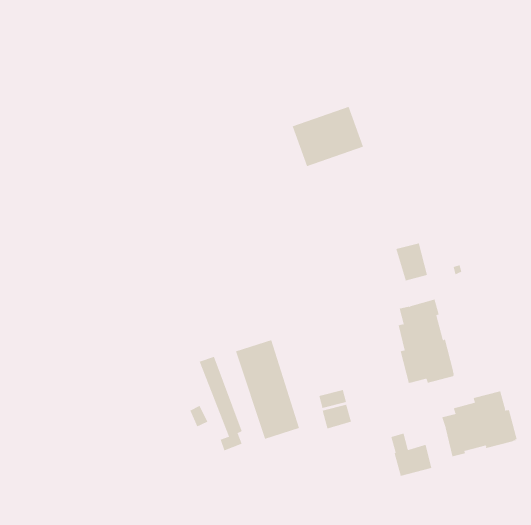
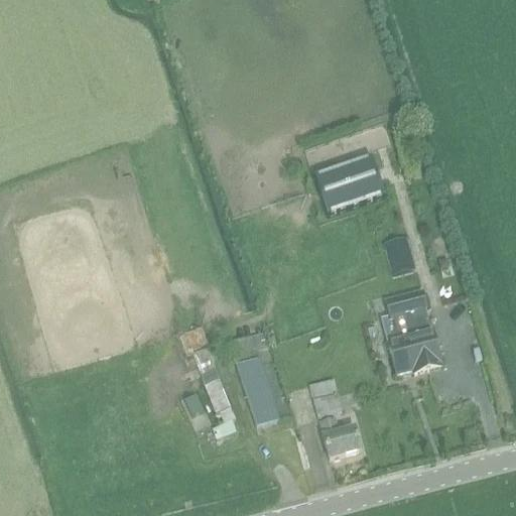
building: [292,106,364,167] -> [313,156,383,215]
building: [442,390,517,457] -> none
building: [391,433,432,476] -> [319,414,360,457]

